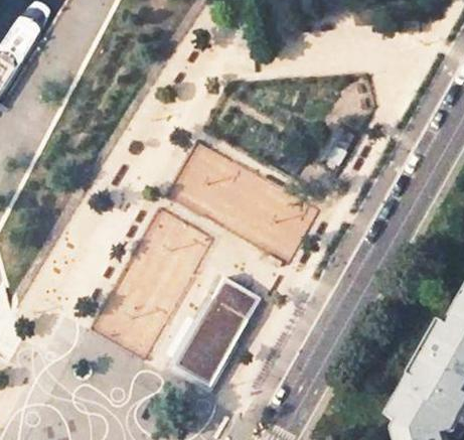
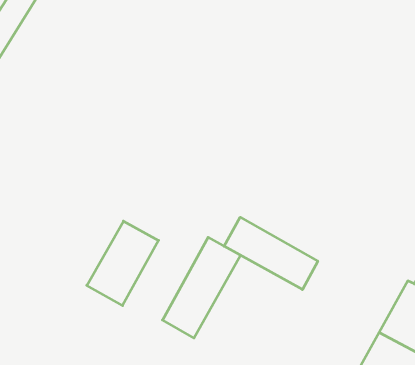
building: none -> [224,217,318,290]
building: none -> [87,221,159,306]

